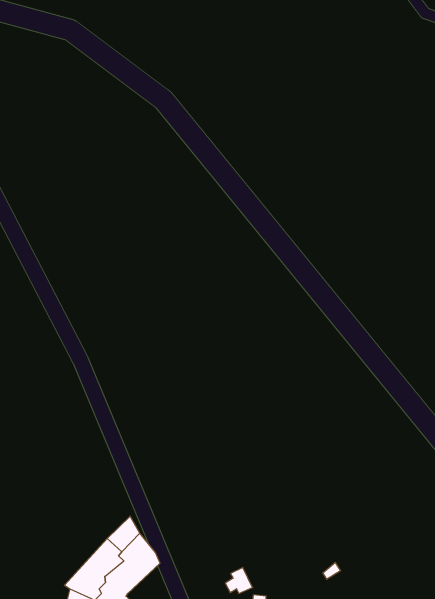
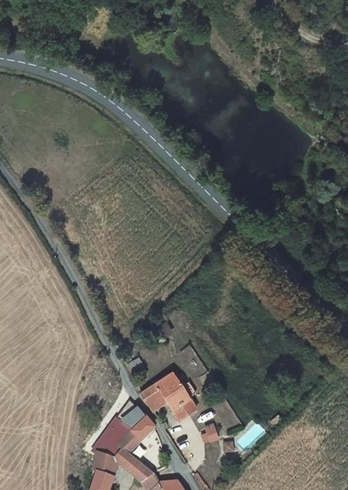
building: none -> [141,376,195,422]

